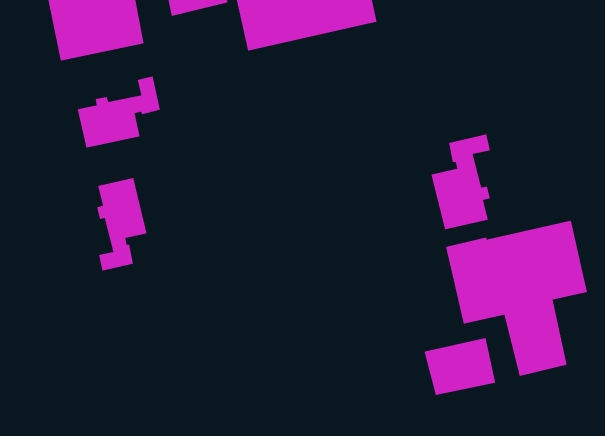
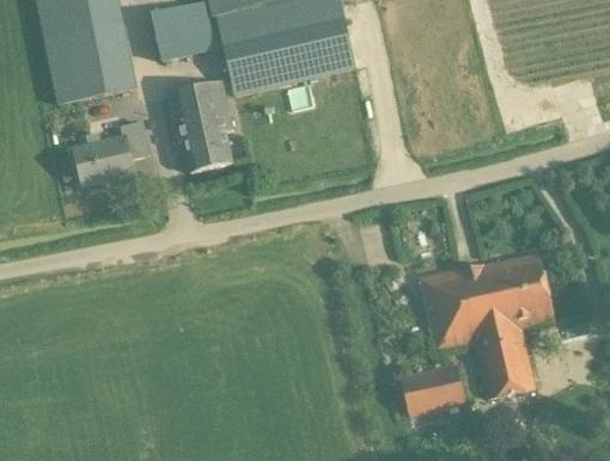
building: none -> [165,79,233,170]
building: [431,134,491,230] -> none
building: [96,177,147,272] -> none

